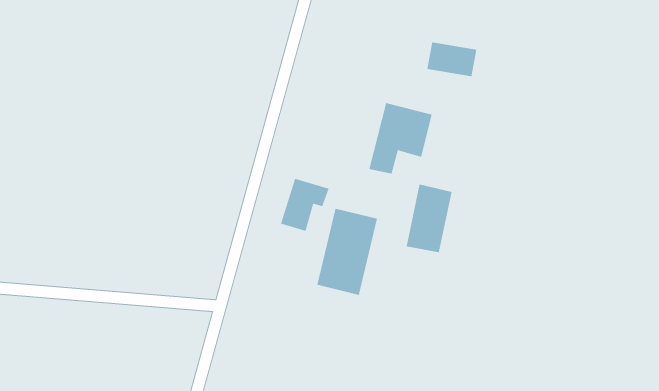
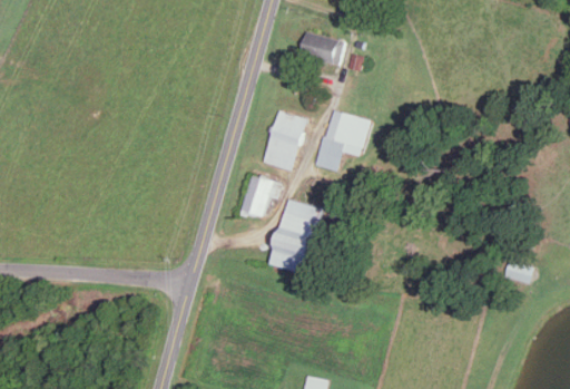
building: [426,42,477,77] -> [299,32,343,62]
building: [406,184,453,253] -> [264,110,304,169]

